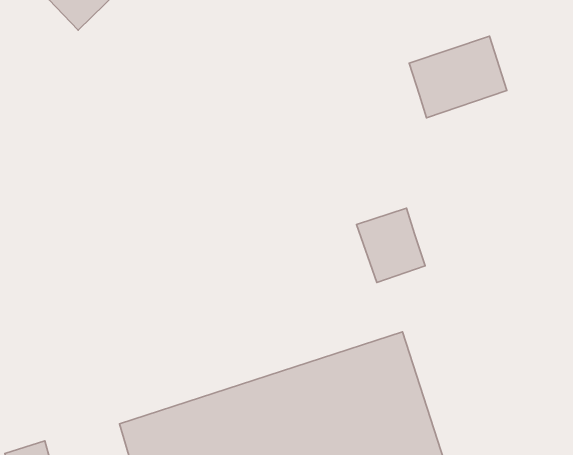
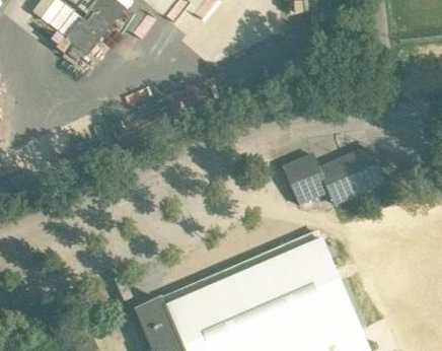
building: [409,36,507,118] -> [318,146,384,204]

